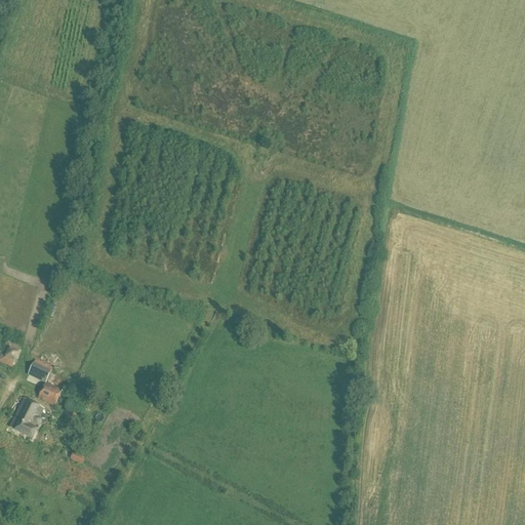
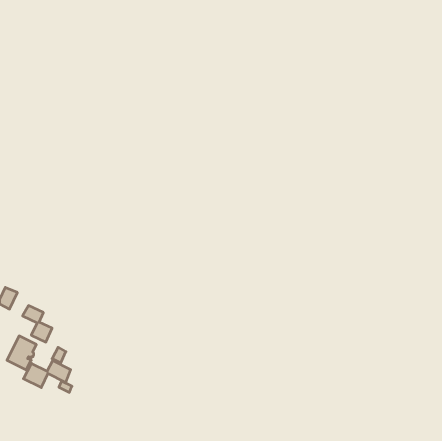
building: none -> [23,361,71,388]

